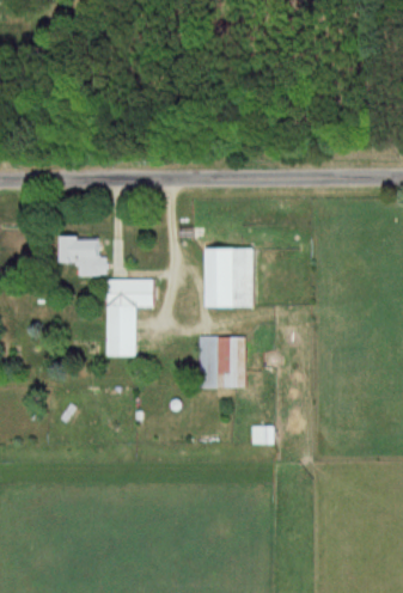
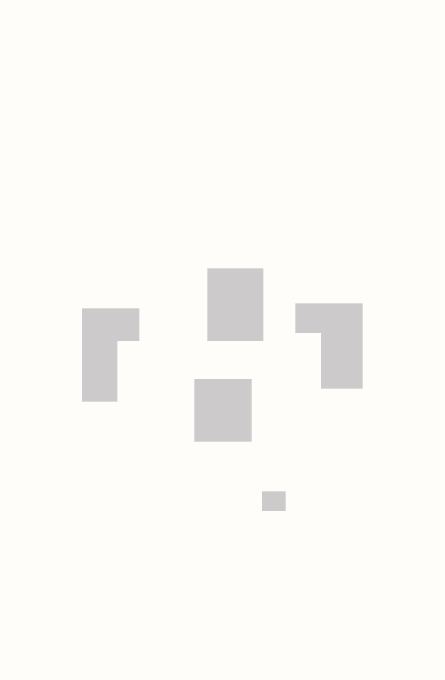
building: [61,237,98,276] -> none
building: none -> [295,303,363,389]

